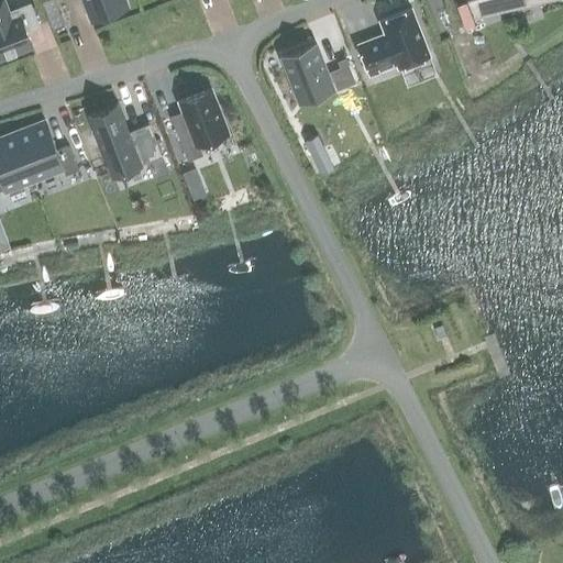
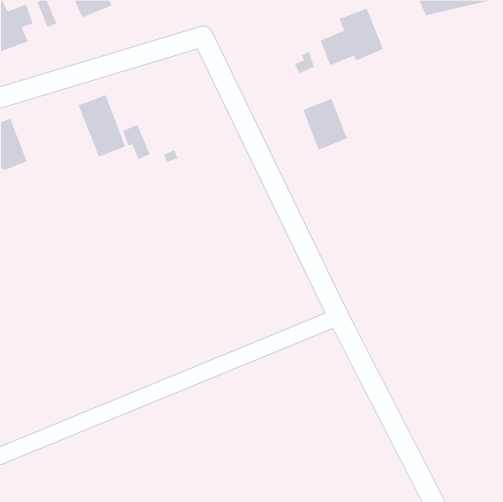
building: [282,45,332,103] -> [302,98,348,150]
building: [175,90,225,162] -> none
building: [12,121,78,181] -> none

